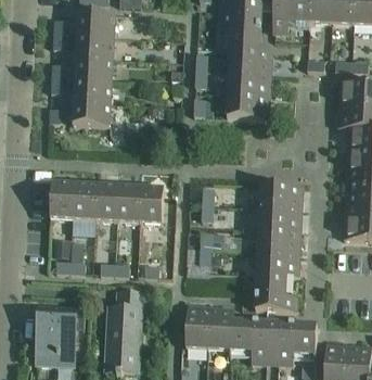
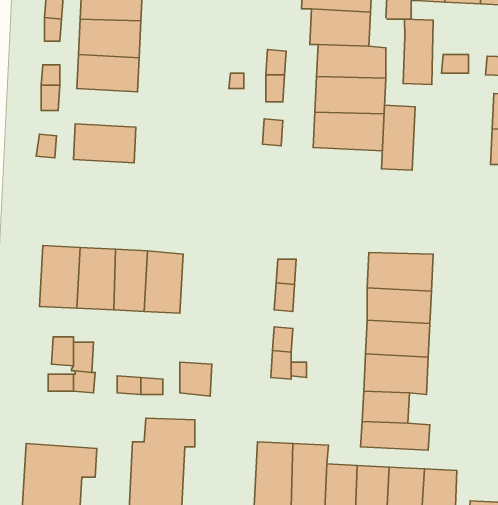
building: none -> [403,19,433,85]
building: [72,79,112,104] -> none
building: none -> [382,105,415,170]
building: [139,186,163,225] -> none

